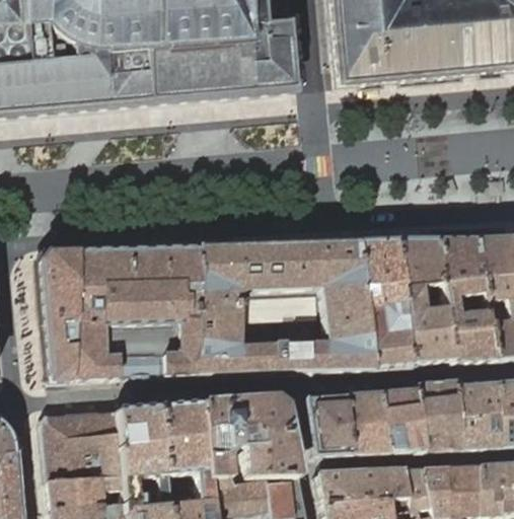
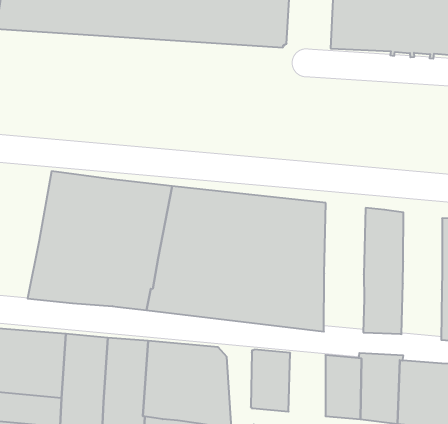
building: [437,237,494,362] -> none
building: [358,238,416,368] -> none
building: [41,248,79,380] -> none
building: [345,391,389,453] -> none

